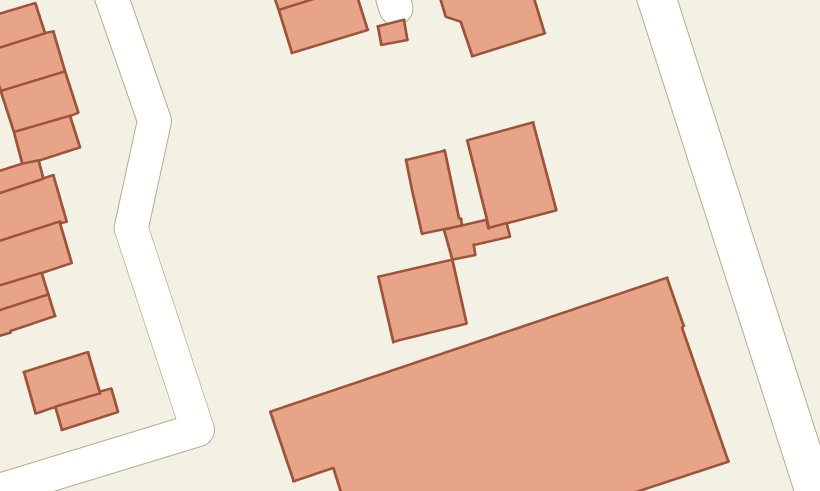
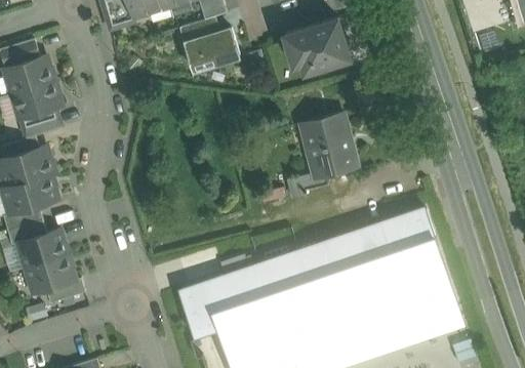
building: [406,150,462,234] -> none
building: [378,260,466,342] -> none
building: none -> [17,230,66,268]

